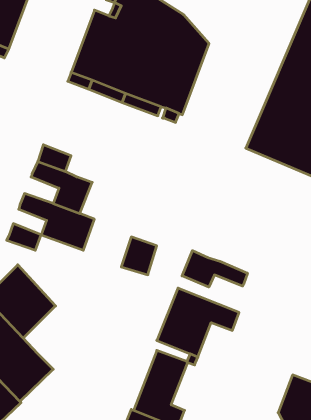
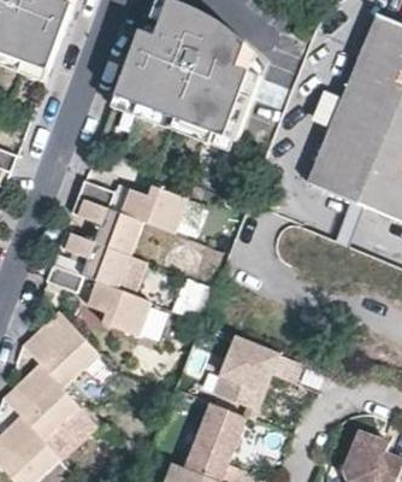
building: none -> [123,184,193,234]
building: none -> [88,281,147,335]
building: [182,251,247,287] -> none

